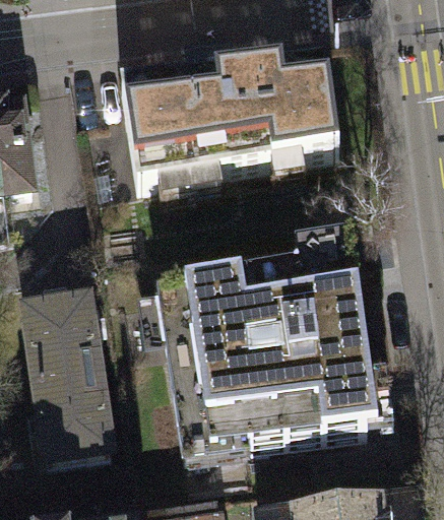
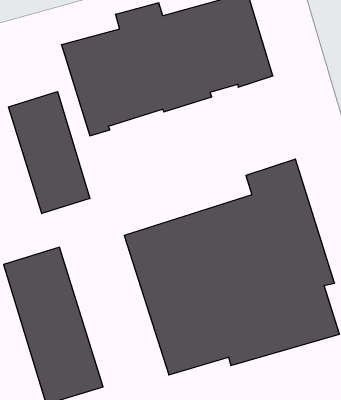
building: none -> [8,92,90,214]

